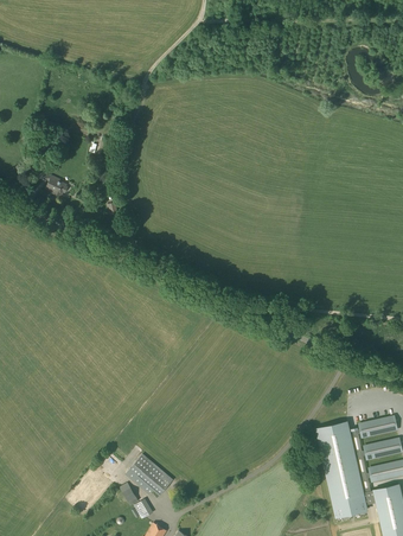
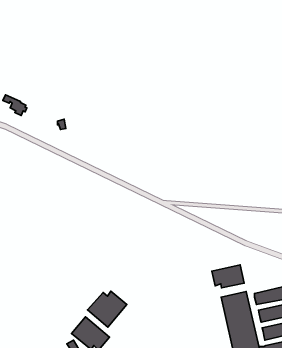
building: none -> [212,265,244,288]
building: none -> [88,291,127,327]

